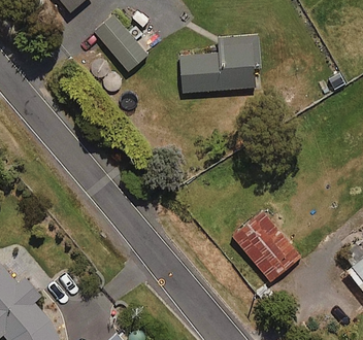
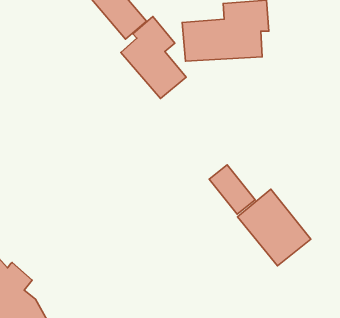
building: none -> [121,17,186,98]
building: none -> [209,165,255,214]

